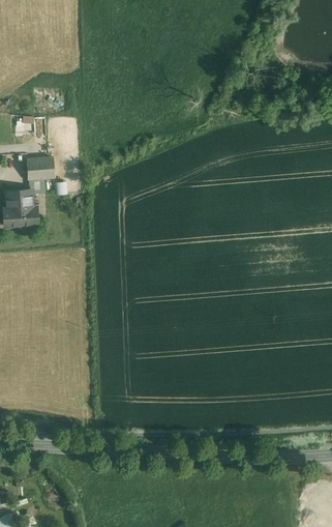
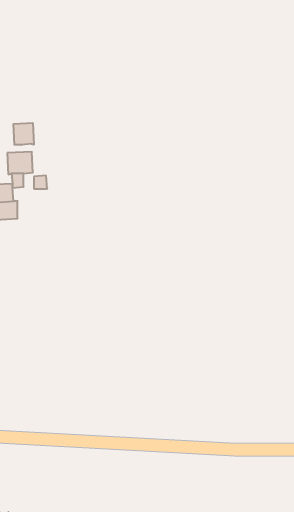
building: none -> [14,123,34,145]

